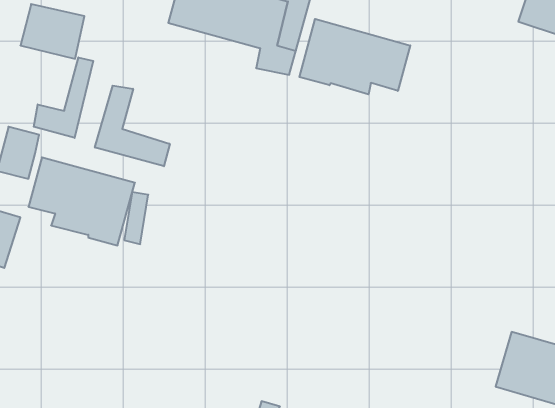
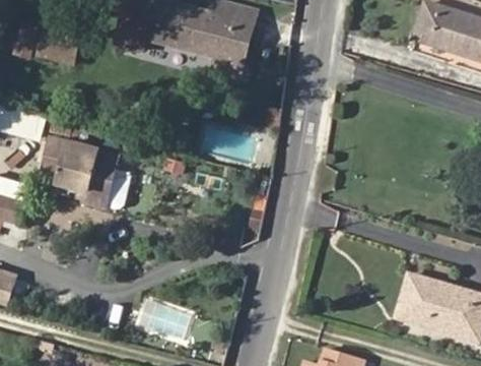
building: [299,19,410,94] -> none
building: [34,57,93,138] -> none
building: [95,86,170,166] -> none

